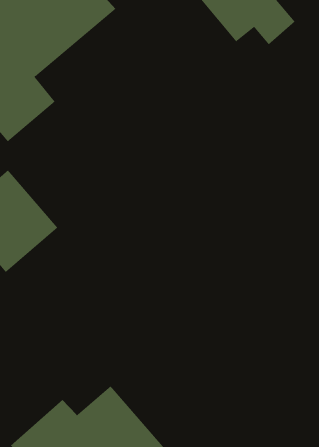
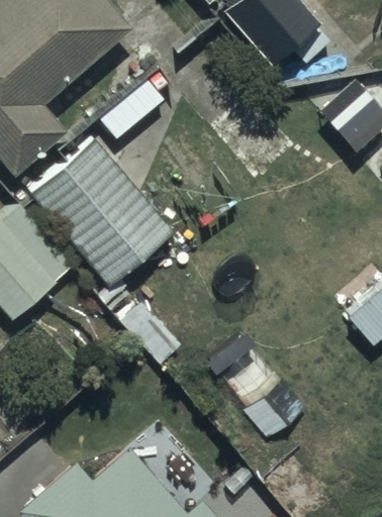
building: none -> [32,138,176,313]

